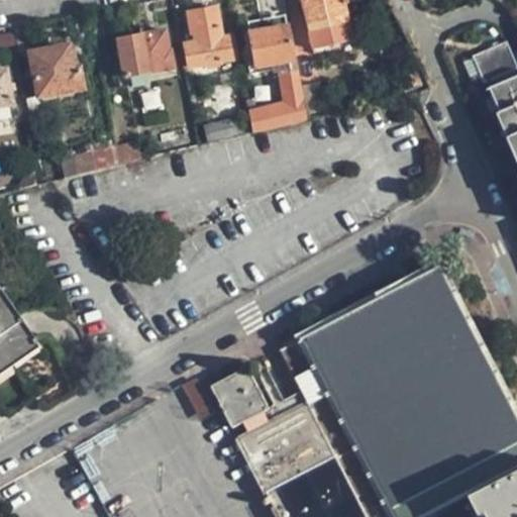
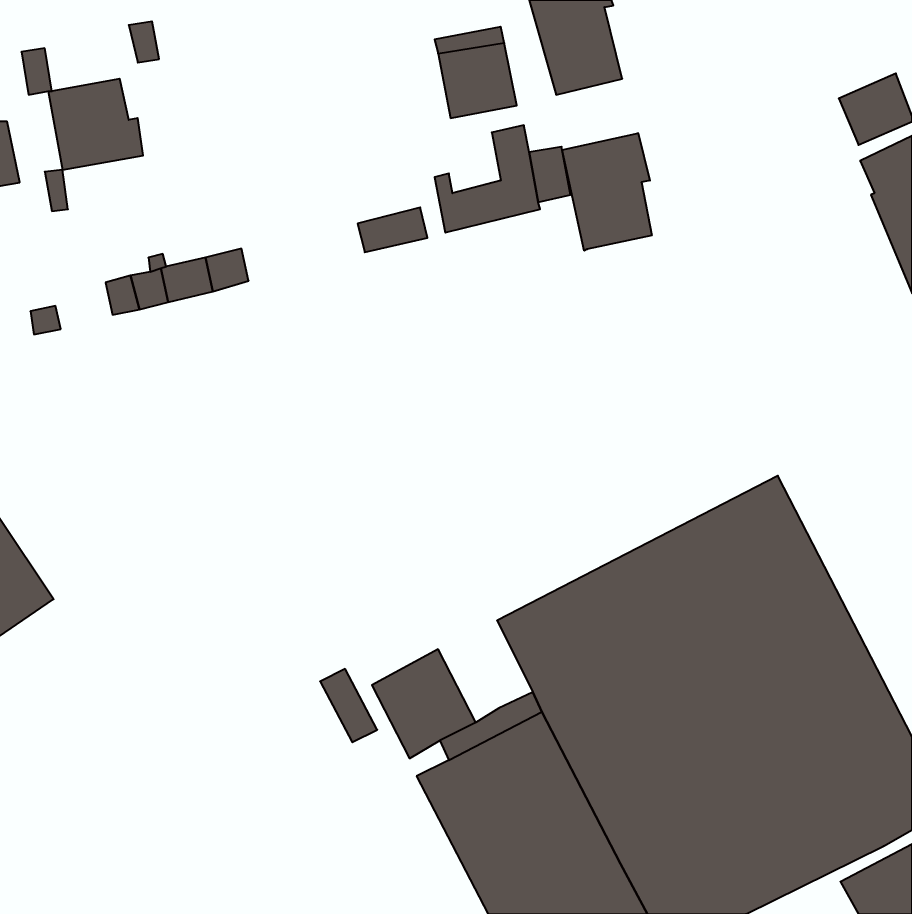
building: [185,7,234,66] -> none
building: [115,29,174,77] -> none
building: none -> [562,133,652,251]

